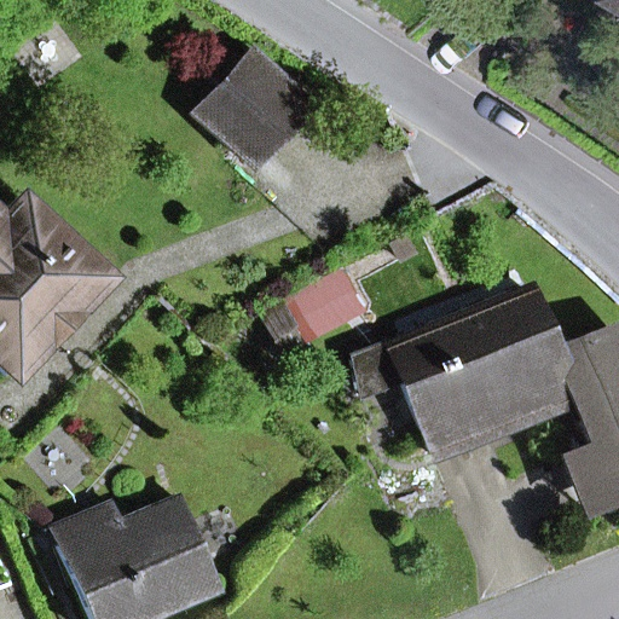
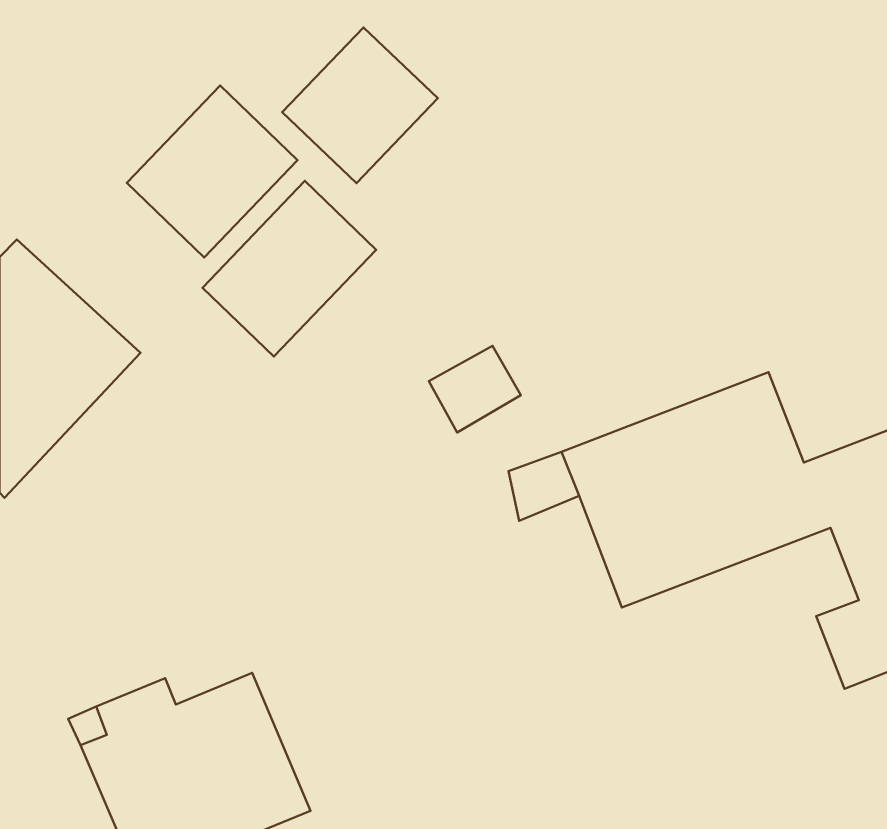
building: none -> [127,85,298,258]
building: none -> [202,181,376,356]

